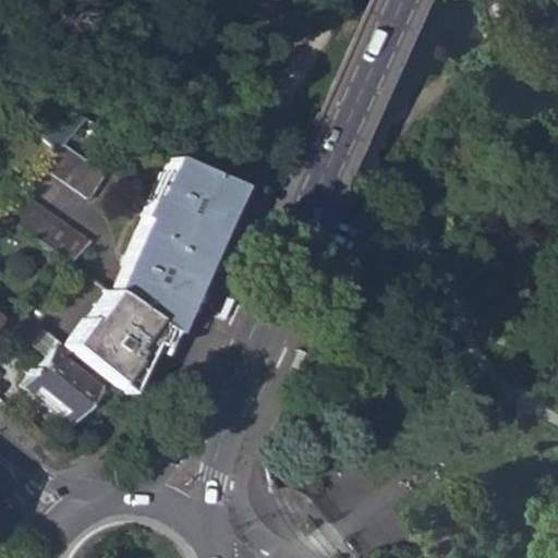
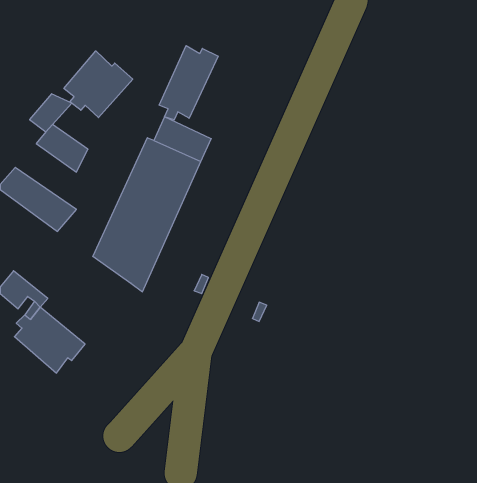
building: none -> [159,46,218,120]
building: none -> [64,51,133,118]
building: [73,295,175,401] -> none

